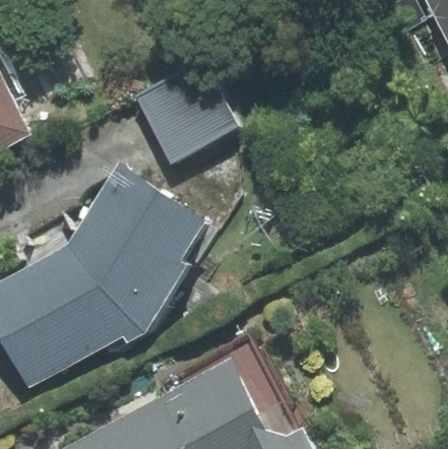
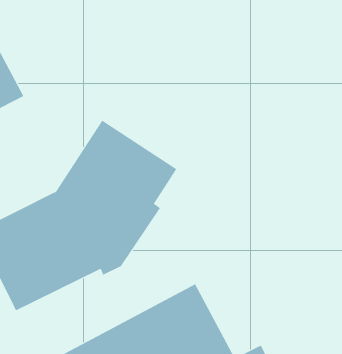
building: [138,57,248,163] -> none

